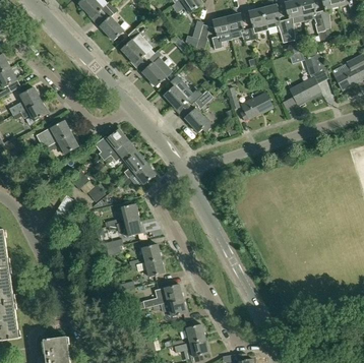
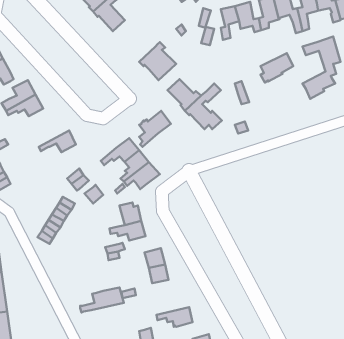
building: [120,27,151,69] -> none
building: [240,93,270,120] -> [261,53,293,83]
building: [41,120,71,148] -> none
building: [98,128,127,162] -> [139,111,171,147]
building: [142,284,183,307] -> [80,287,124,312]

